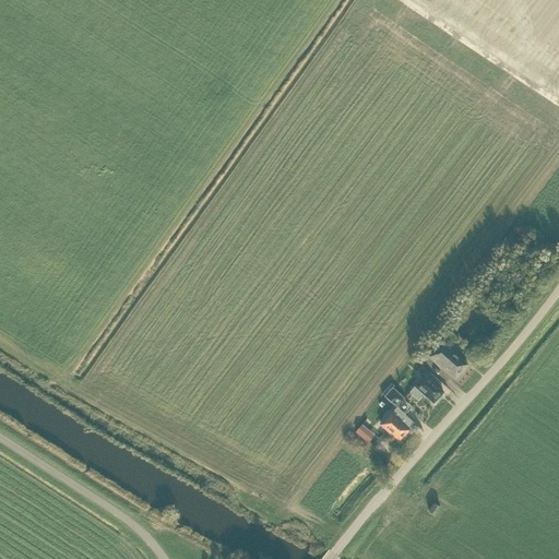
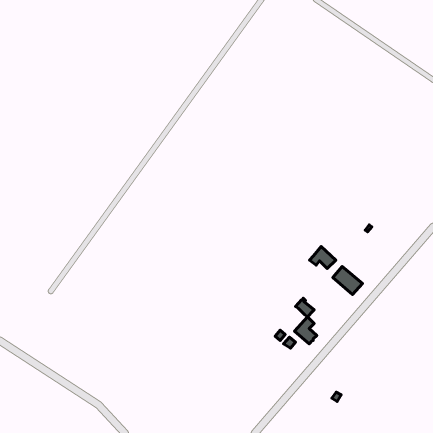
building: [408,376,442,404] -> [309,246,336,269]

